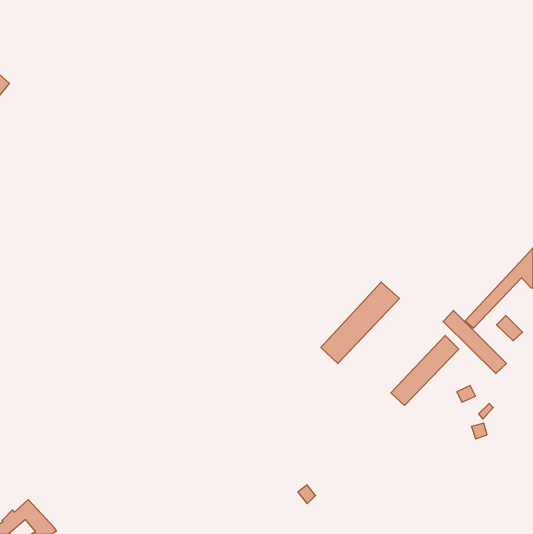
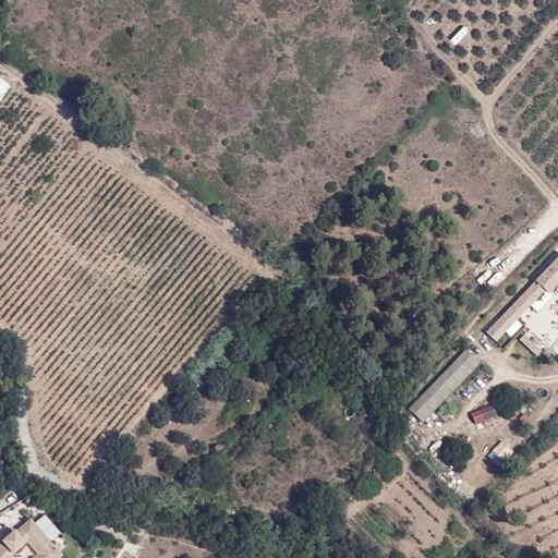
building: [321,282,399,364] -> none
building: [443,310,506,374] -> none

